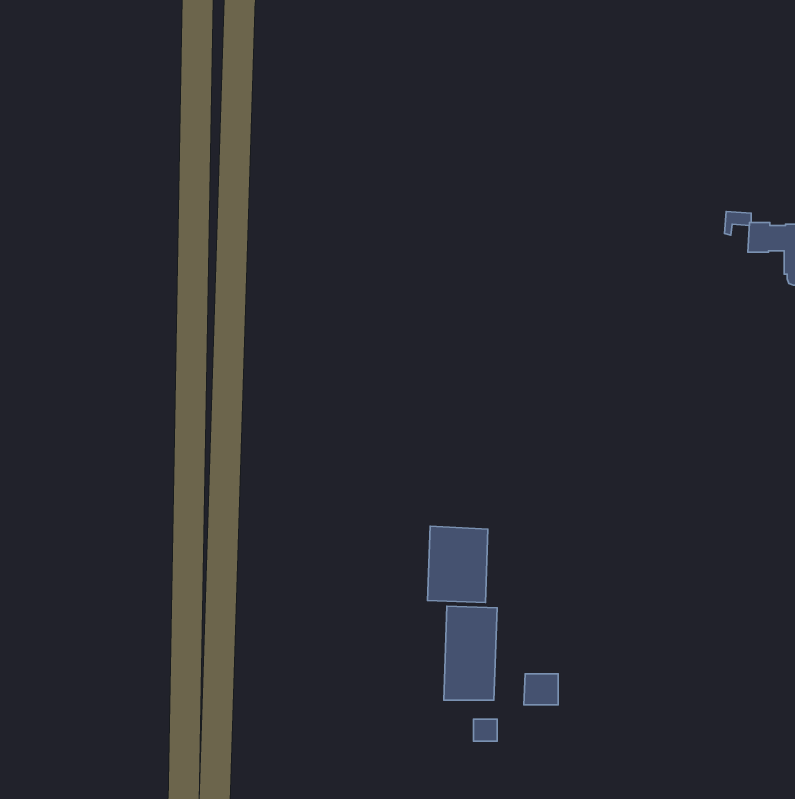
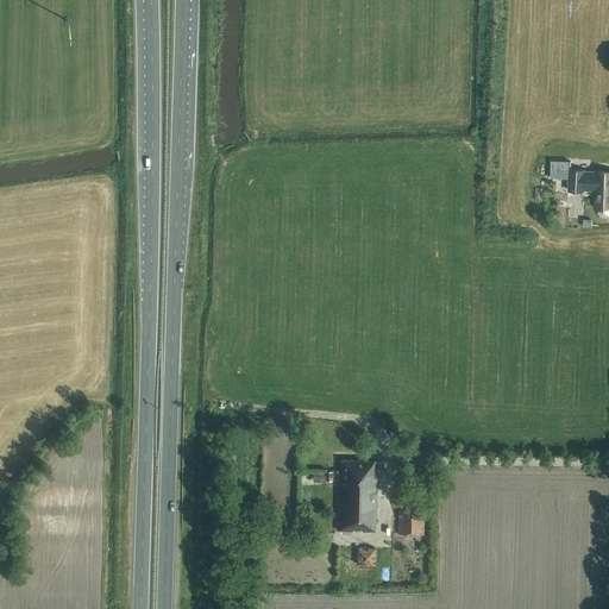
building: [428,526,488,603] -> none

